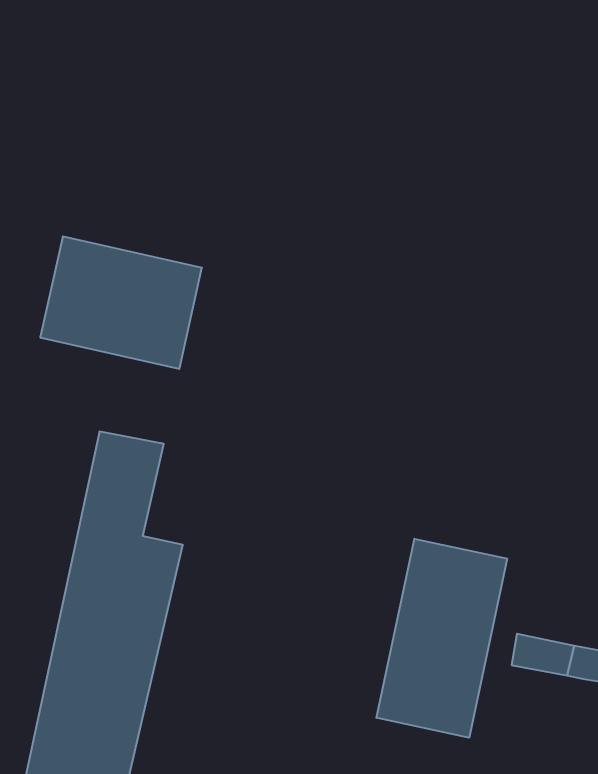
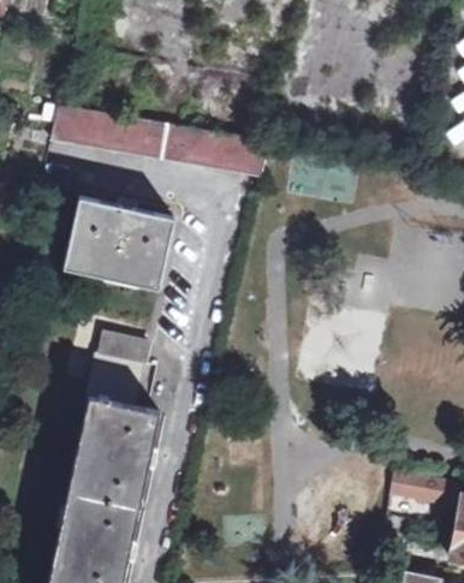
building: none -> [55,107,269,177]
building: [376,539,507,738] -> none

